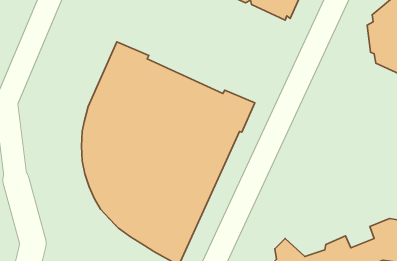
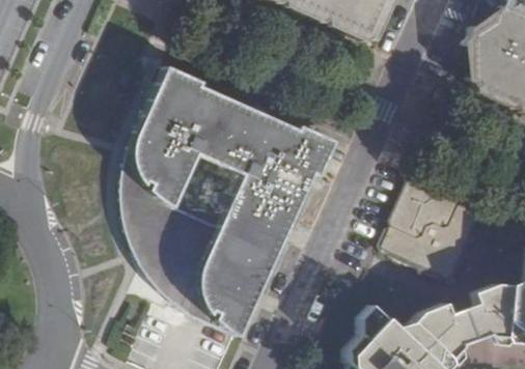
building: none -> [384,174,483,278]

